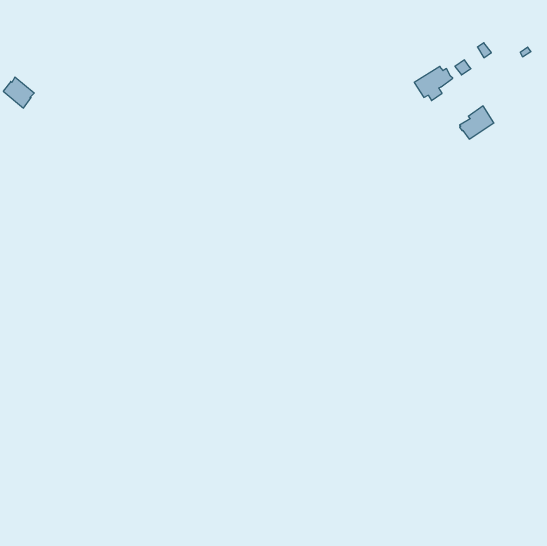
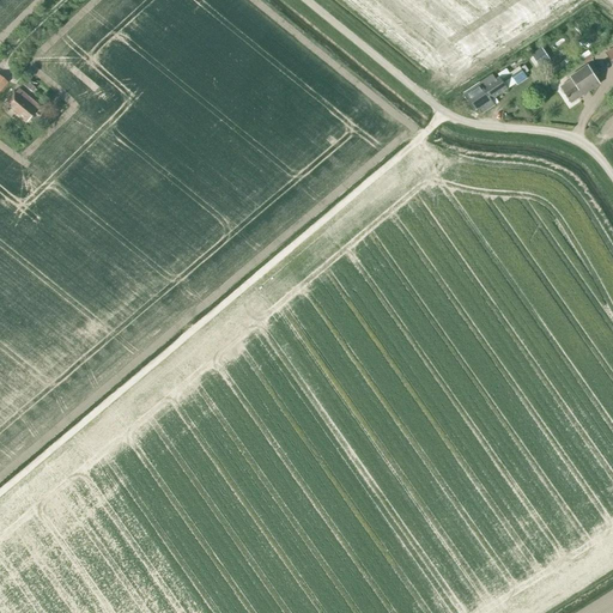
building: [460,106,494,139] -> [560,65,599,102]

